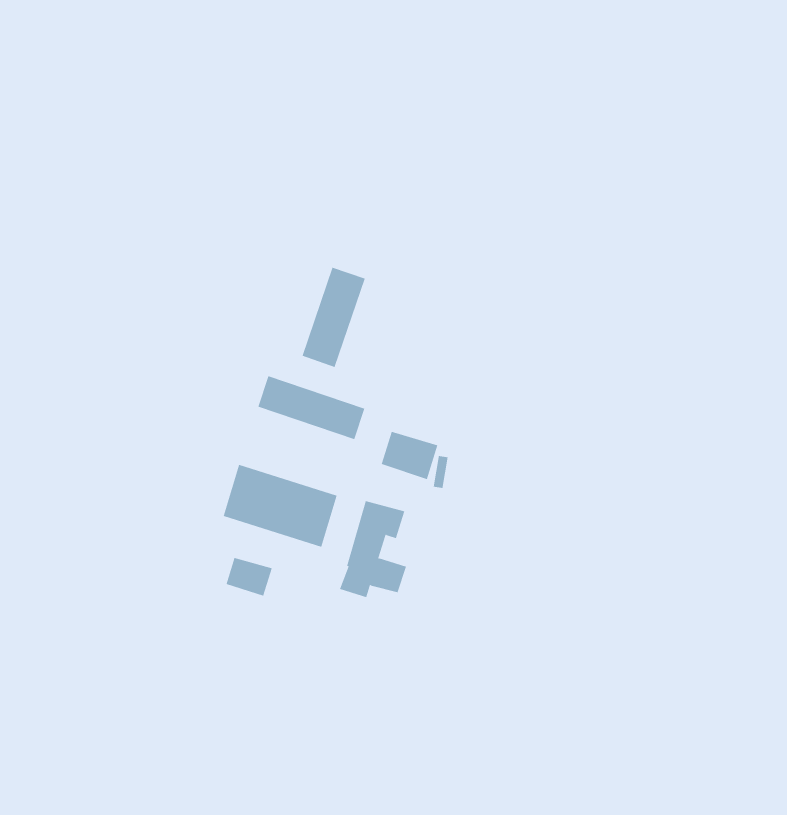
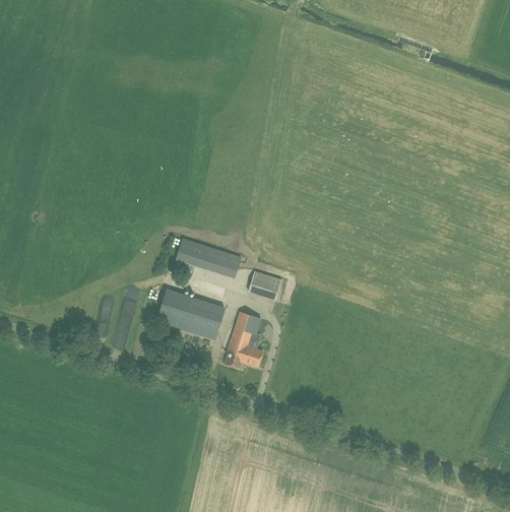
building: [302,267,365,368] -> none
building: [226,557,273,597] -> none

